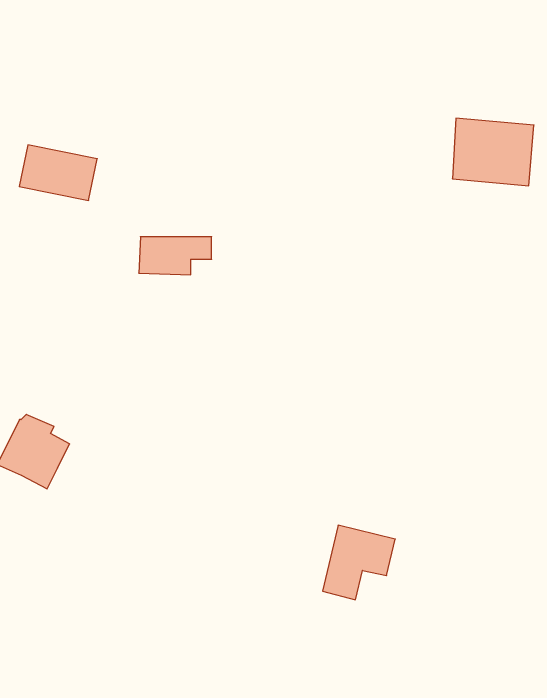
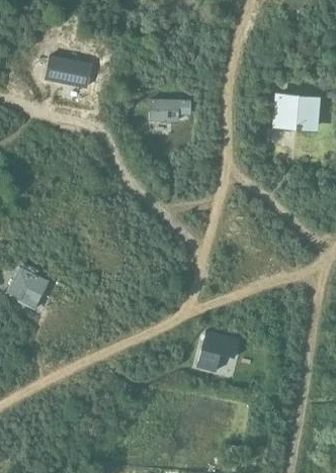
building: [19,145,97,200] -> [45,57,90,89]
building: [139,237,212,275] -> [148,101,190,123]

